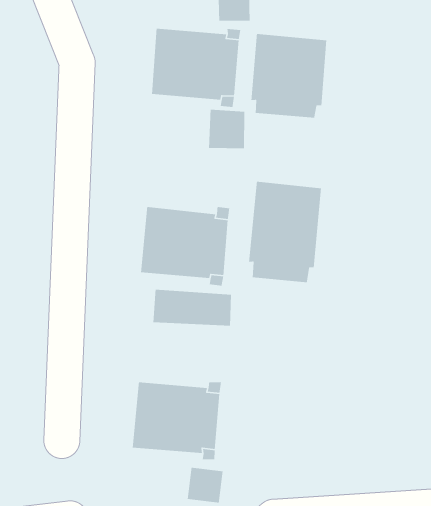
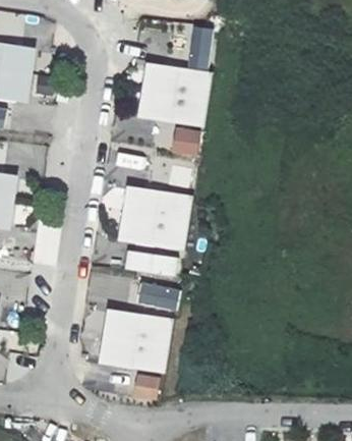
building: [250,33,327,119] -> none
building: [248,181,322,283] -> none
building: none -> [139,280,184,311]

